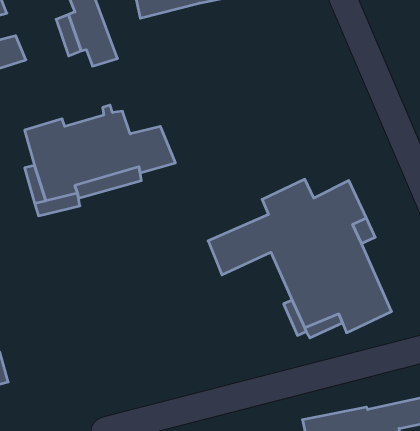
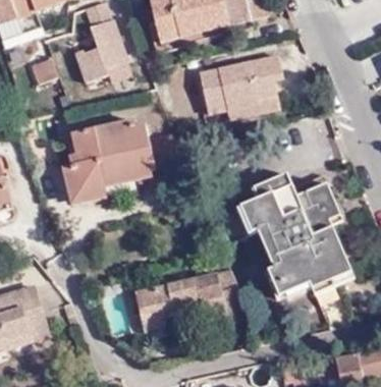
building: none -> [200,51,301,122]
building: none -> [134,271,240,332]

